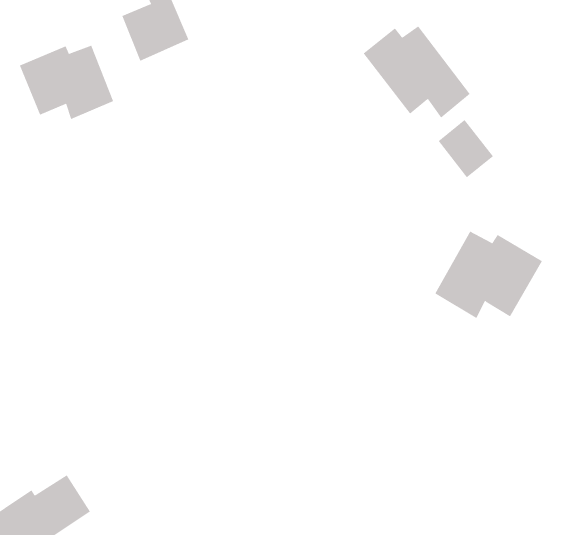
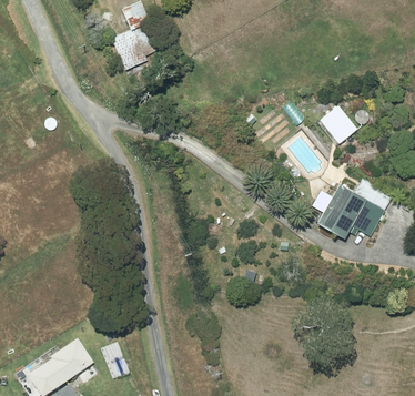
building: [363,26,471,118] -> none
building: [19,45,114,120] -> none

